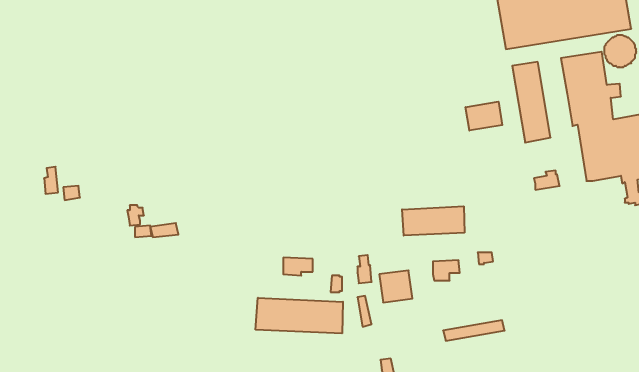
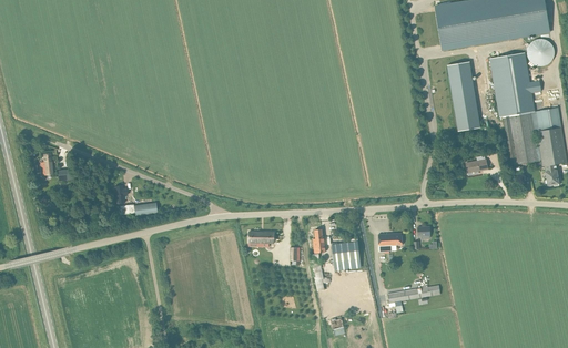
building: [466,102,502,131] -> none
building: [402,206,464,236] -> none
building: [256,298,343,333] -> none

